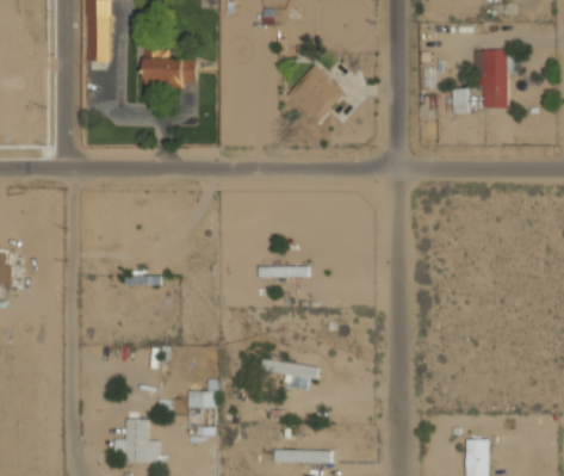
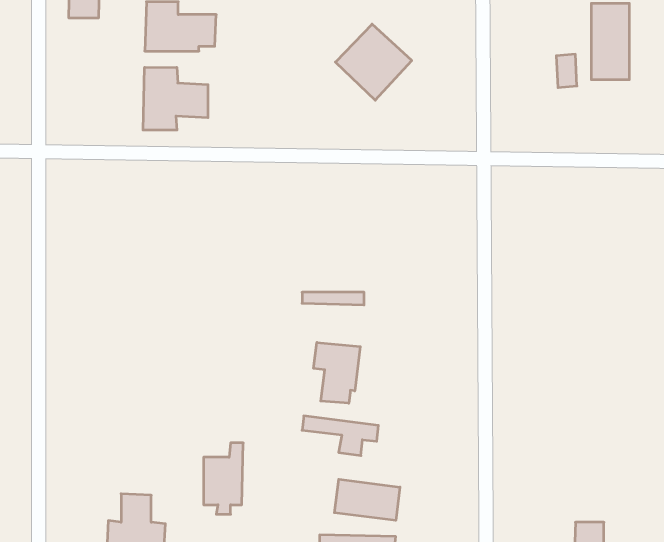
building: none -> [143,67,208,130]
building: none -> [314,342,360,403]
building: none -> [334,479,400,520]

